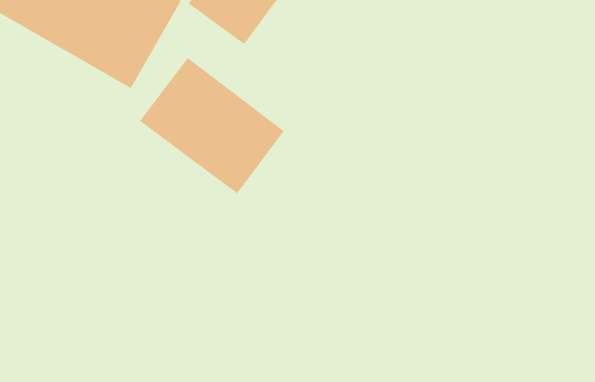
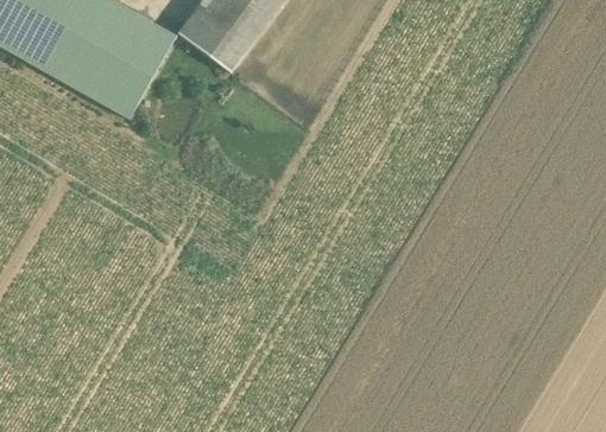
building: [139,57,285,194] -> none

